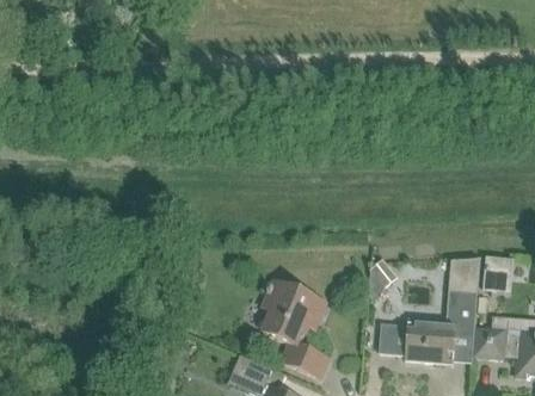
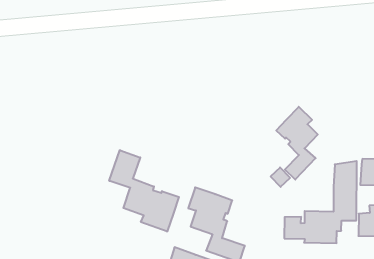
building: none -> [276,107,318,180]
building: none -> [109,150,179,232]

